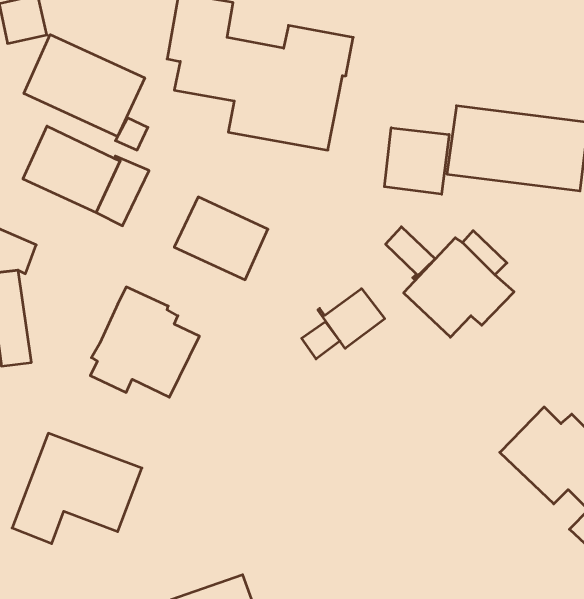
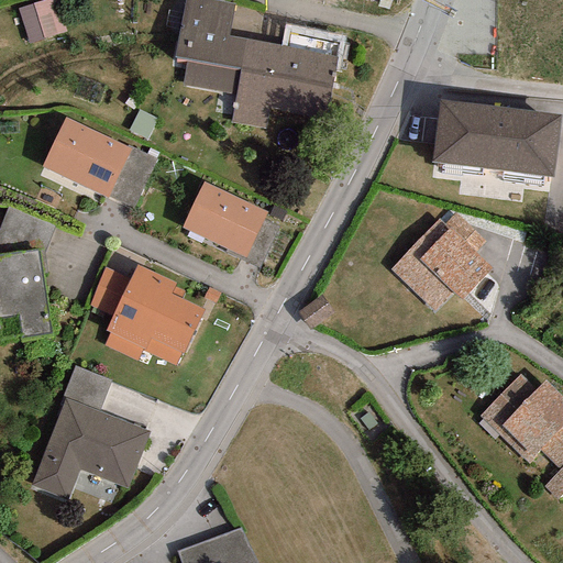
building: [24,35,145,136] -> none
building: [384,128,449,194] -> none
building: [386,227,435,279] -> none
building: [318,289,385,348] -> none
building: none -> [88,267,129,316]
building: none -> [62,365,111,410]

